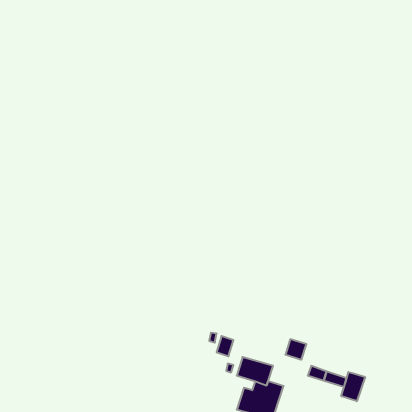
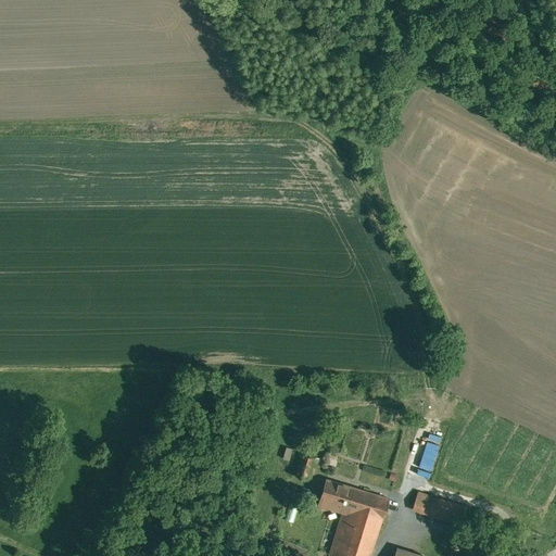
building: [285,339,306,359] -> [362,493,390,520]
building: [341,372,365,401] -> none

